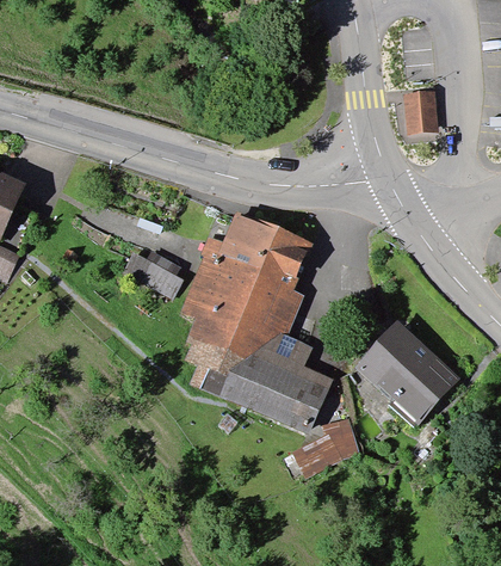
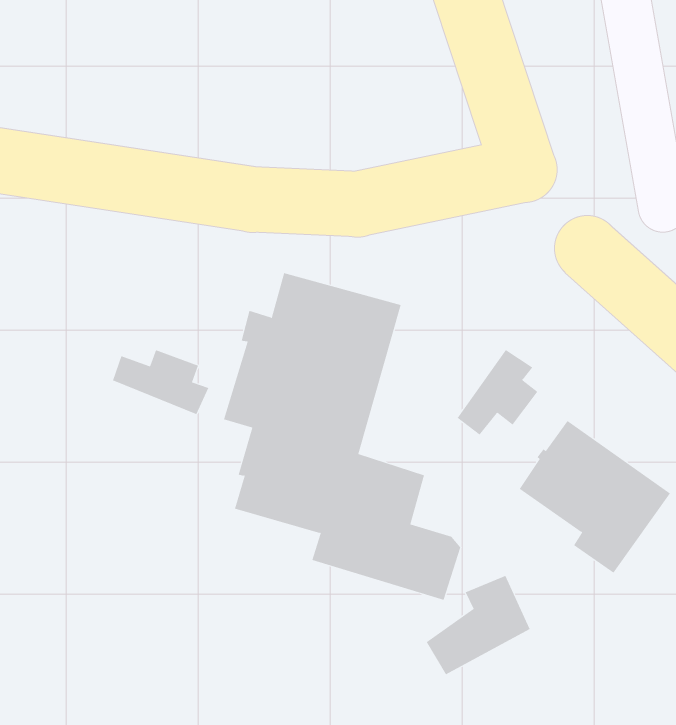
building: [409,92,439,134] -> none
building: none -> [457,349,538,436]

